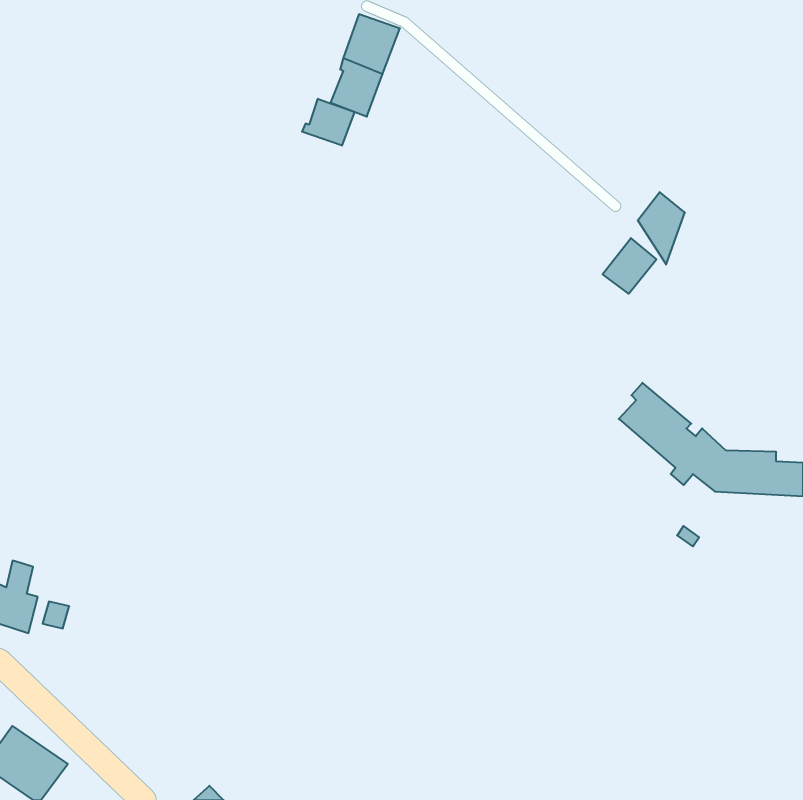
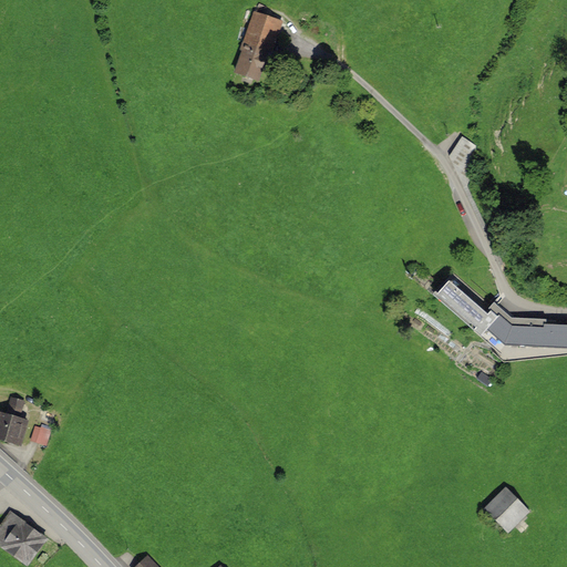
building: [302,99,354,146] -> none
building: [603,238,656,294] -> none
building: none -> [484,486,528,529]

